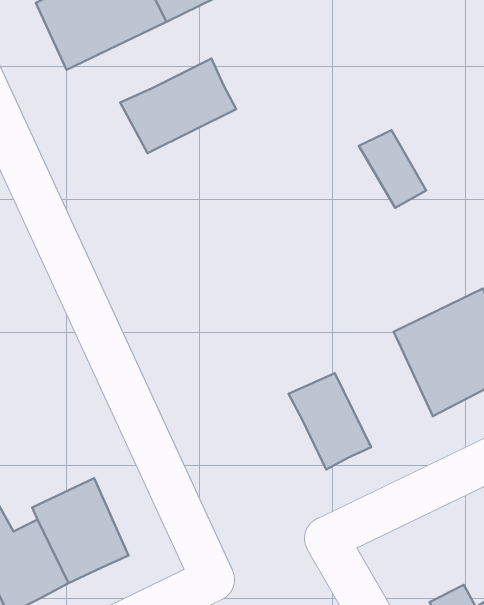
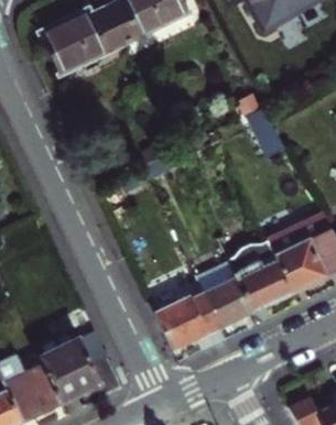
building: [120,58,236,153] -> none
building: none -> [231,247,295,316]
building: none -> [158,298,227,356]

